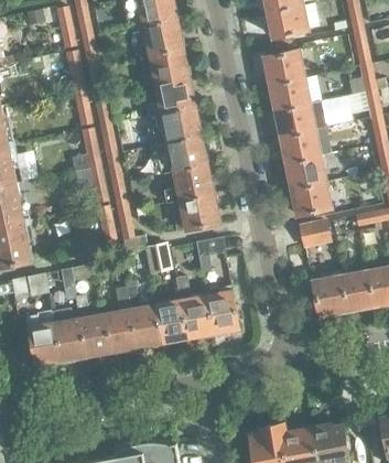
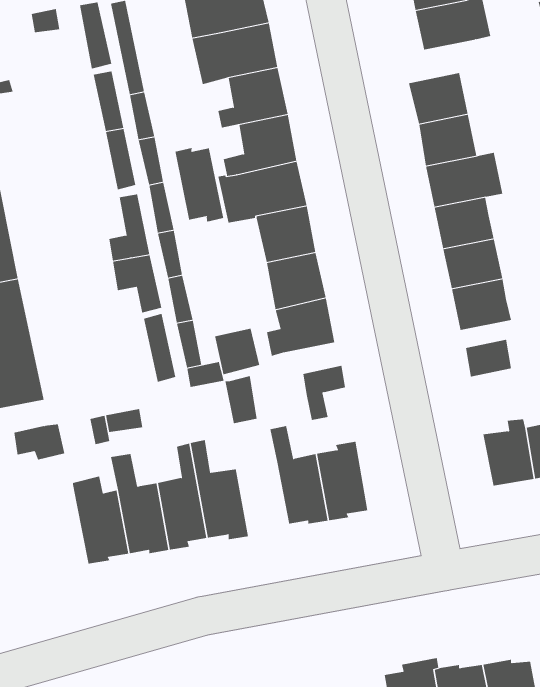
building: none -> [175,147,224,222]
building: none -> [215,328,260,375]
building: [155,299,188,346] -> none
building: [26,315,61,366] -> none

